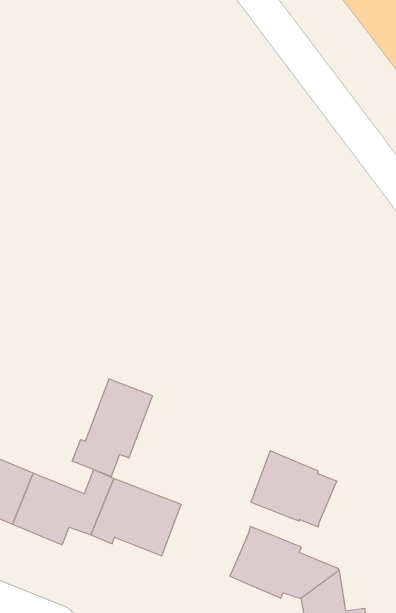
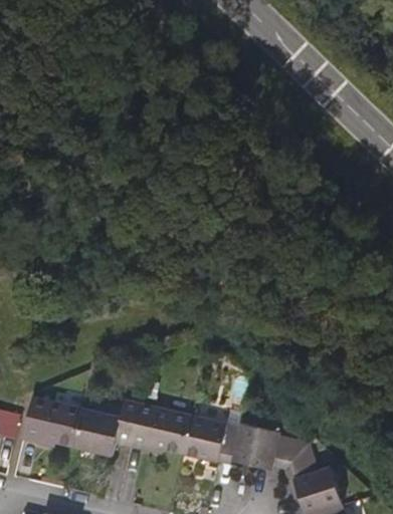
building: [72,379,153,476] -> none
building: [251,451,337,527] -> [181,415,239,463]

